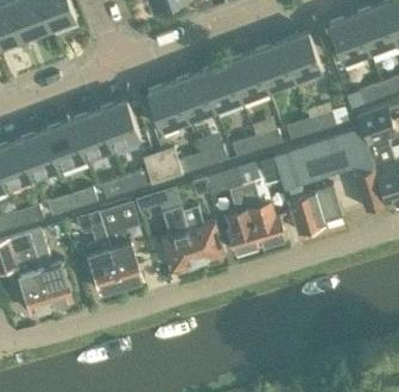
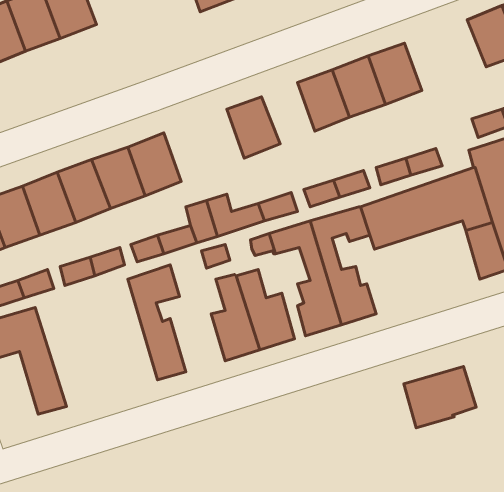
building: [328,17,369,63] -> none
building: [200,64,240,110] -> none
building: [145,84,186,131] -> none
building: [287,188,342,234] -> [404,366,476,428]
building: [77,213,121,296] -> none
building: [28,230,72,309] -> none

